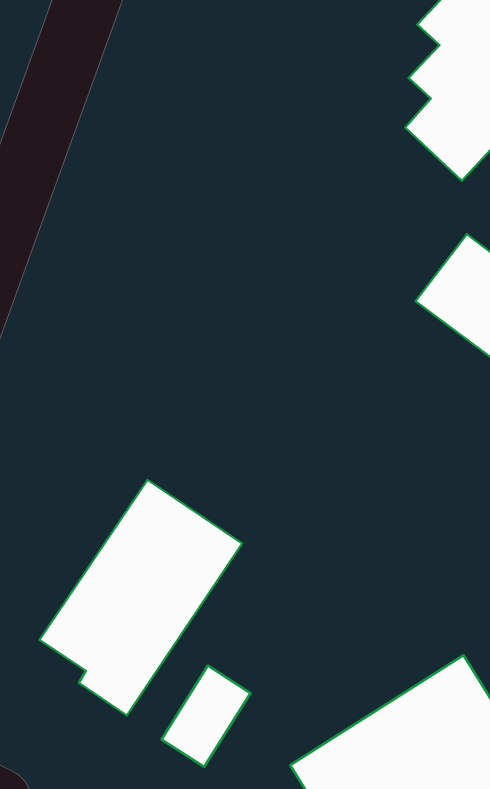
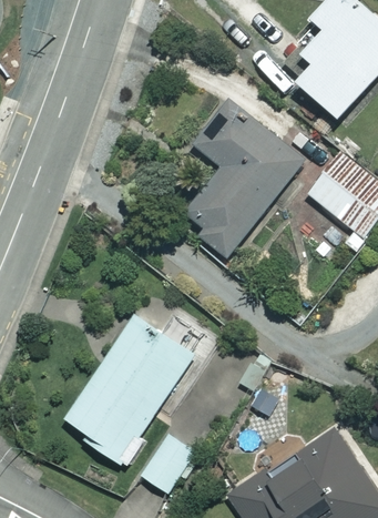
building: none -> [187,98,305,263]

